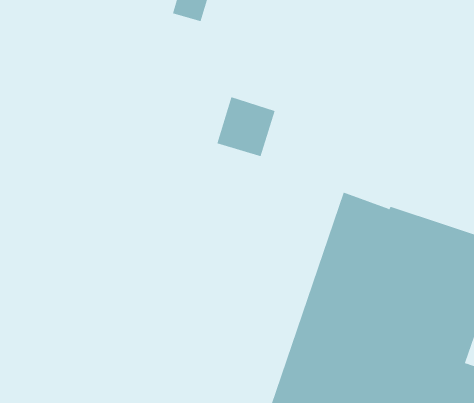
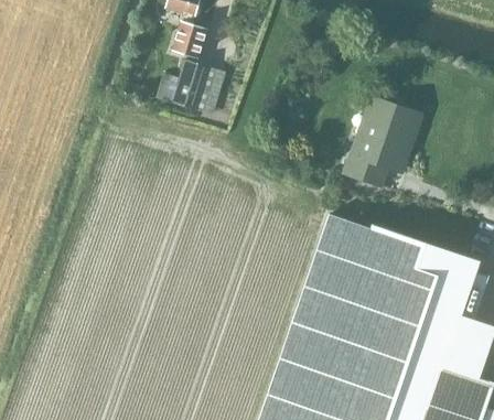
building: none -> [345,97,422,189]
building: [216,96,275,157] -> [173,61,227,116]

